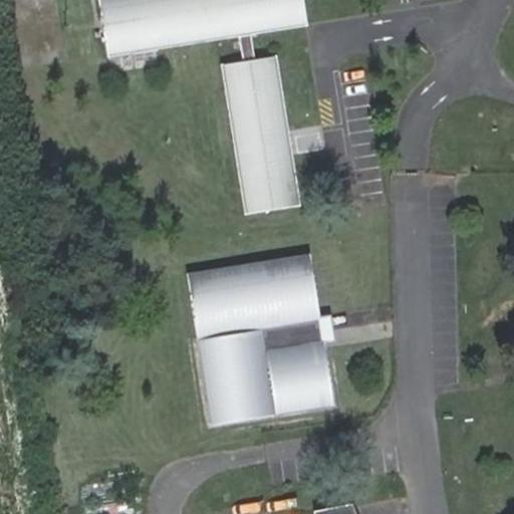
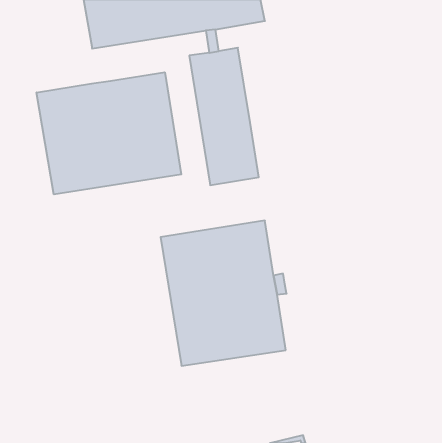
building: none -> [37,72,181,194]

